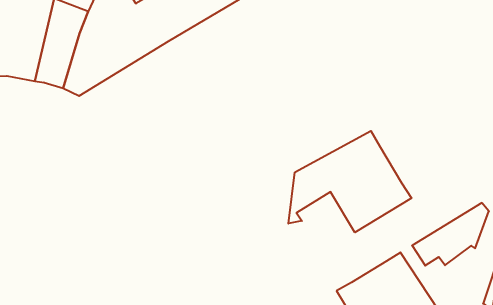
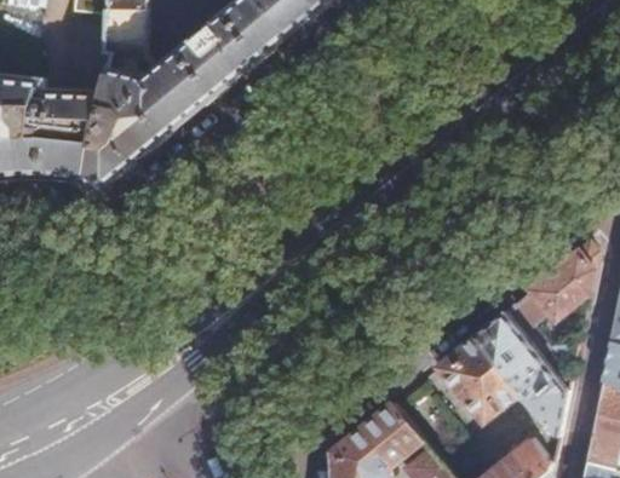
building: [288,131,411,232] -> none

